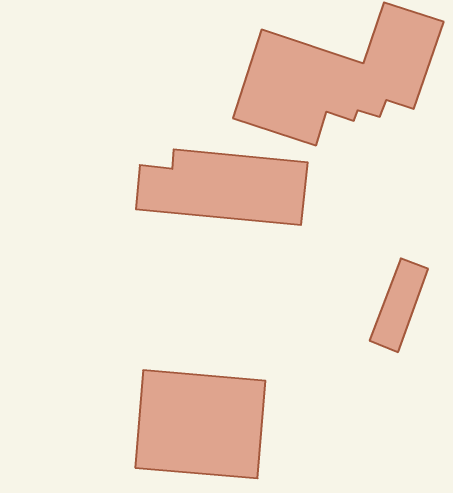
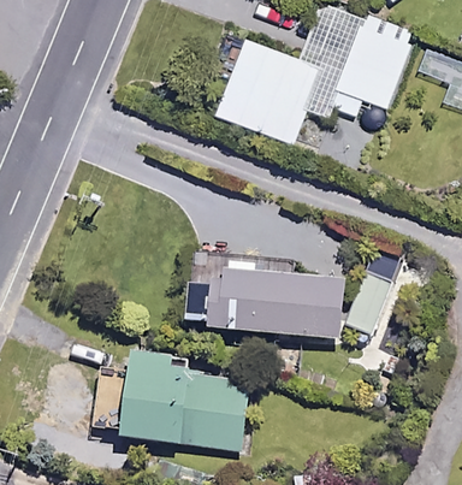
building: [136,149,308,225] -> [186,270,345,339]

